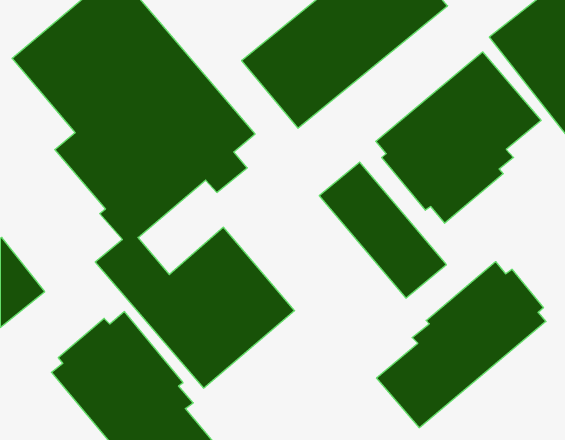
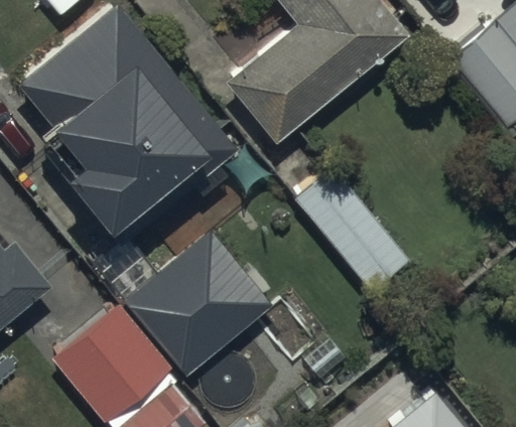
building: [376,52,541,223] -> none
building: [377,262,546,428] -> none

